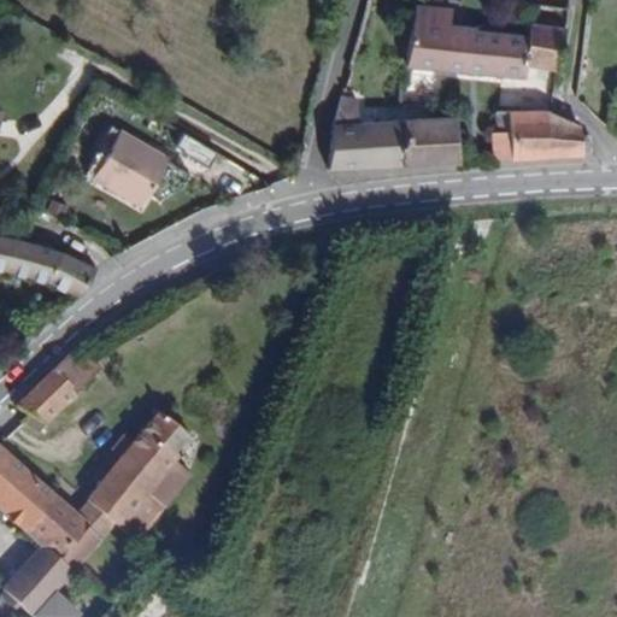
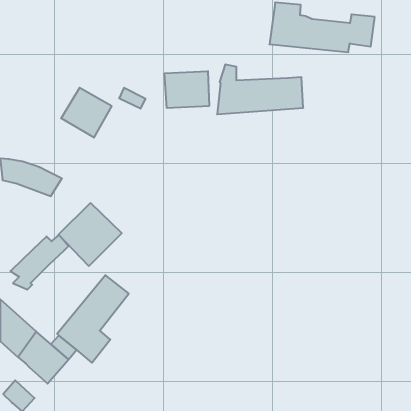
building: none -> [165,71,209,108]
building: [489,108,588,160] -> none
building: none -> [58,203,122,266]
building: [24,550,71,597] -> none

